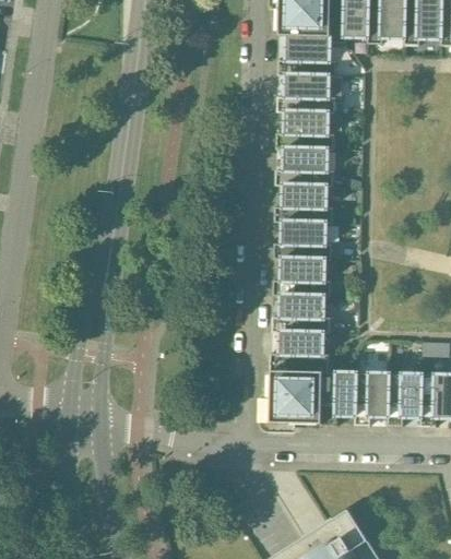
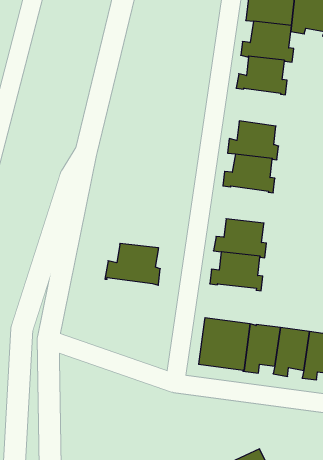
building: [277,110,334,148] -> none
building: [275,221,333,259] -> none
building: [271,331,331,372] -> [105,243,160,285]

